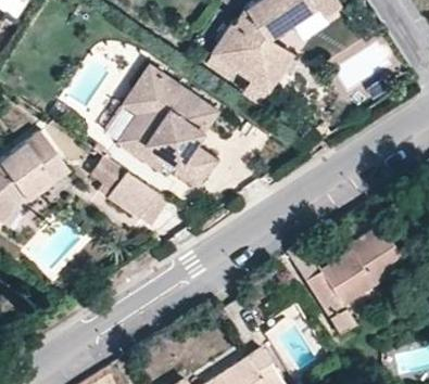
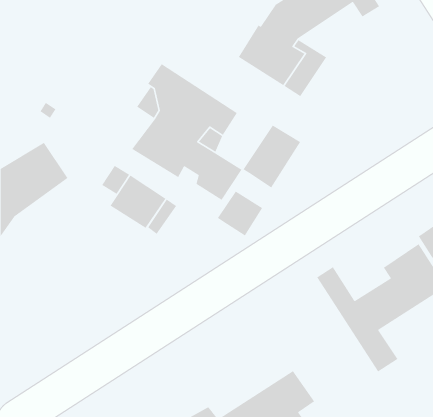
building: none -> [243,124,301,188]
building: none -> [217,190,263,237]

